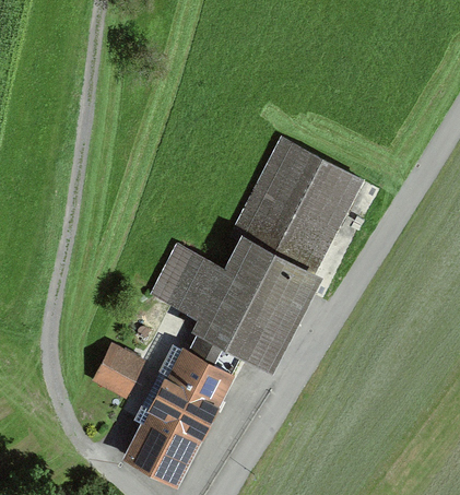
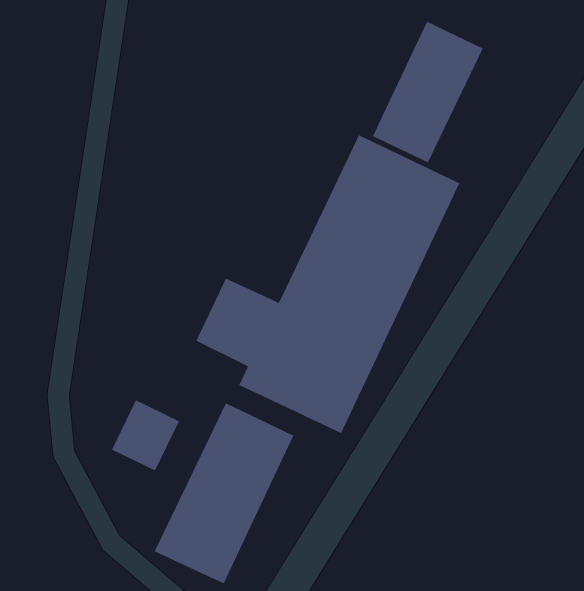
building: none -> [372,21,484,163]

